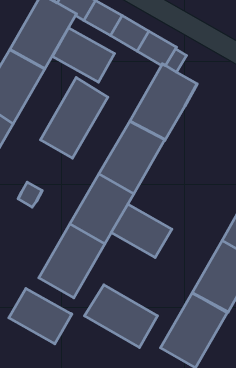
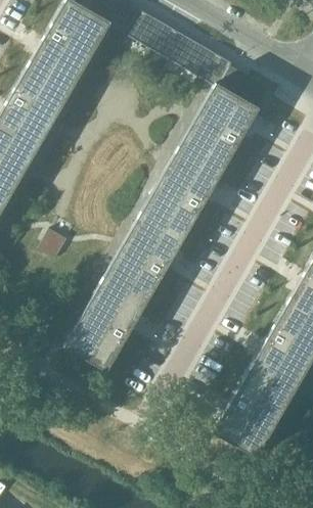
building: [52,28,114,82] -> none
building: [40,77,108,158] -> none
building: [111,204,172,258] -> none
building: [84,285,157,347] -> none
building: [9,289,72,344] -> none

